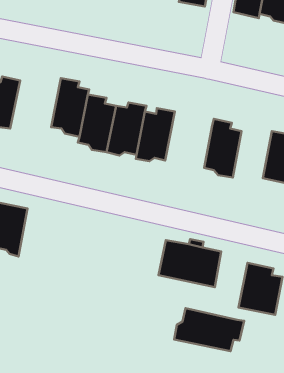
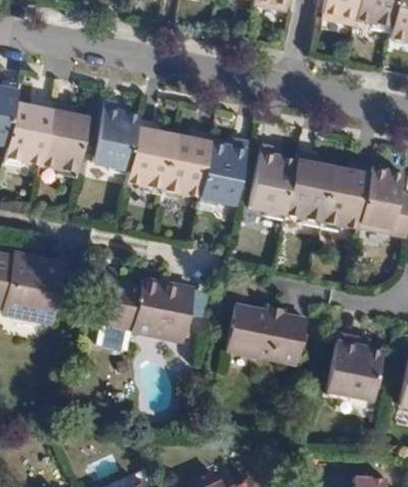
building: none -> [41,105,88,177]
building: none -> [248,147,295,219]
building: none -> [321,164,370,231]
building: none -> [96,271,193,343]
building: [174,308,244,351] -> none

